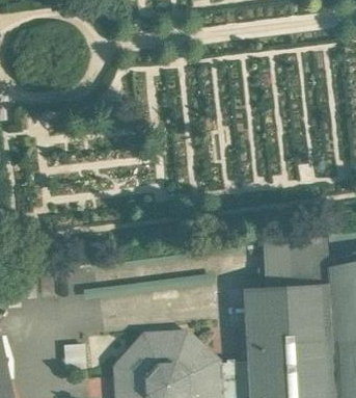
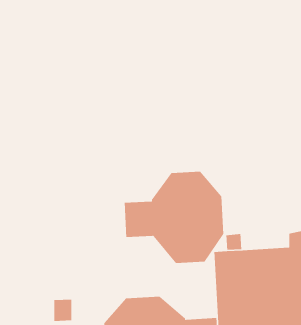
building: none -> [124,171,224,264]

